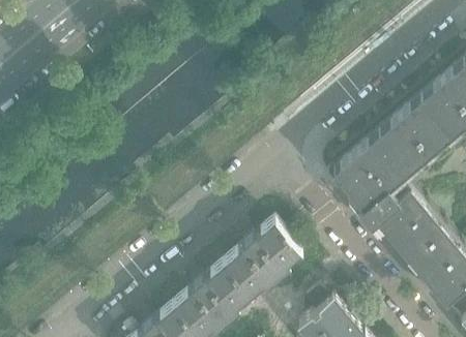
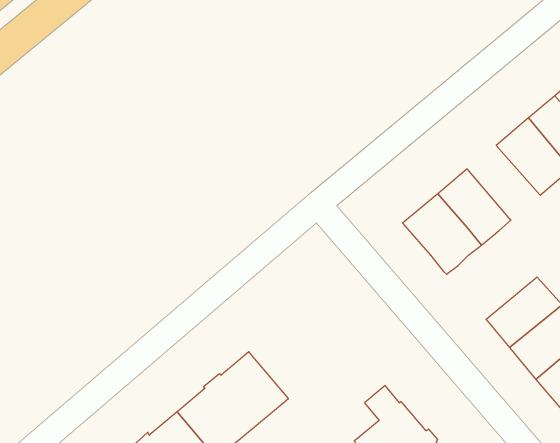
building: [378,121,430,174] -> none
building: [361,181,428,244] -> none
building: [224,223,302,300] -> none

